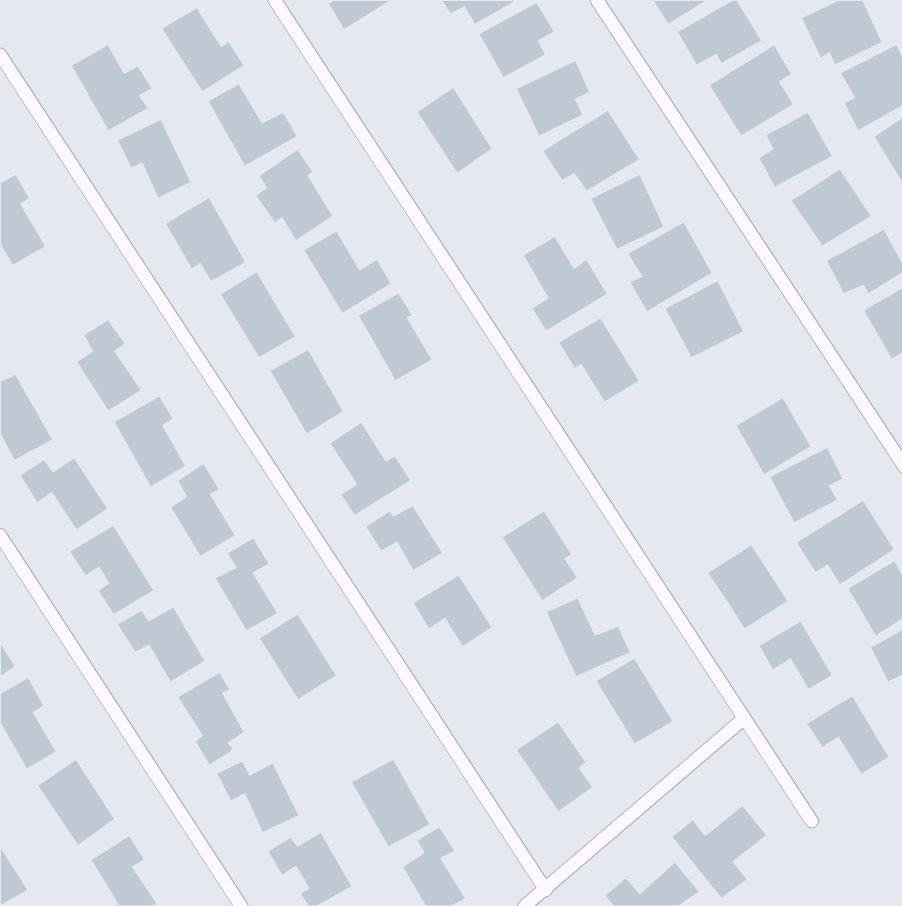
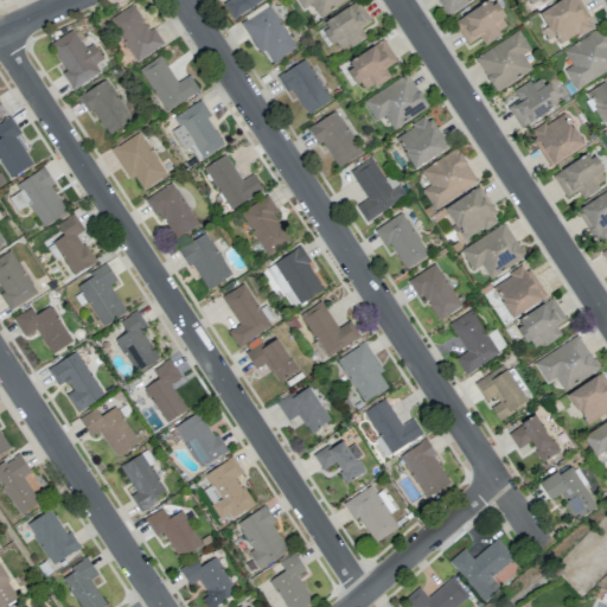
building: none -> [243,6,295,62]
building: none -> [313,110,362,168]
building: none -> [14,168,70,226]
building: none -> [462,223,526,279]
building: none -> [274,248,325,307]
building: none -> [409,263,464,320]
building: none -> [302,301,362,357]
building: none -> [452,309,504,373]
building: none -> [315,439,366,483]
building: none -> [206,456,254,522]

